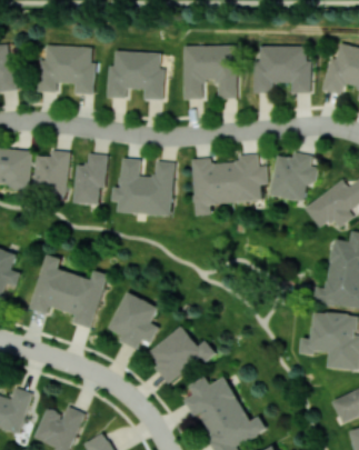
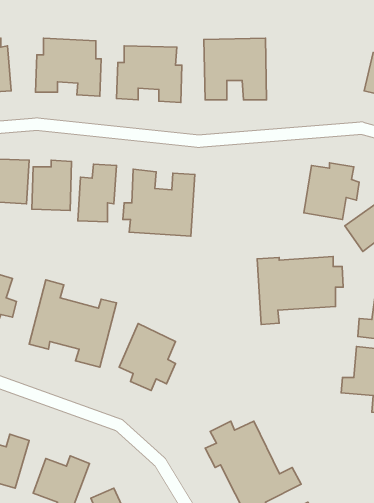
building: [252,46,310,92] -> none
building: [192,157,267,216] -> [257,256,343,324]
building: [146,326,213,384] -> none

